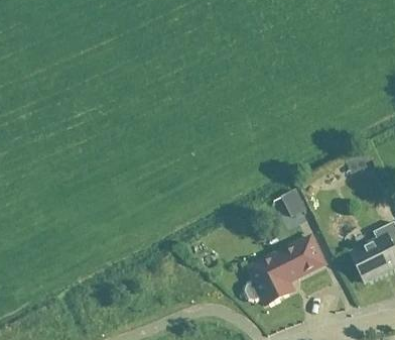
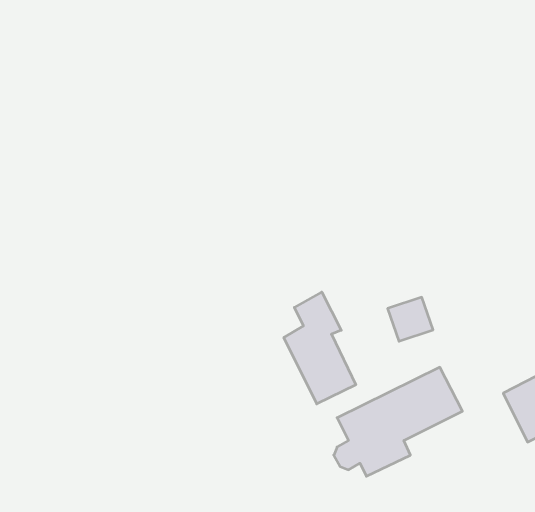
building: none -> [284,292,356,404]

